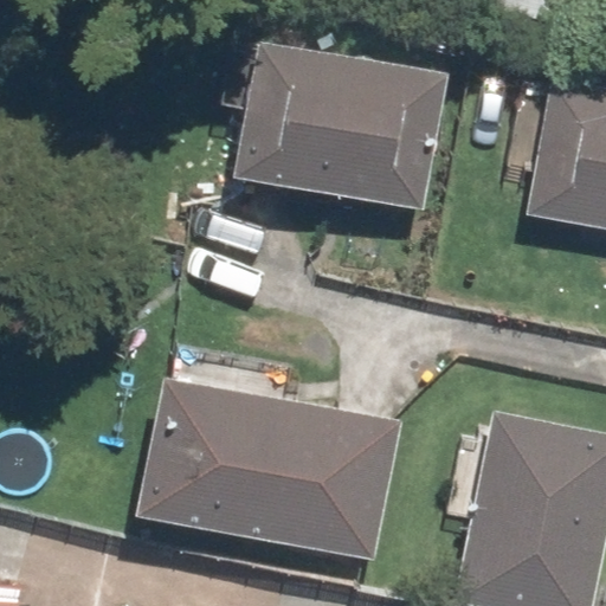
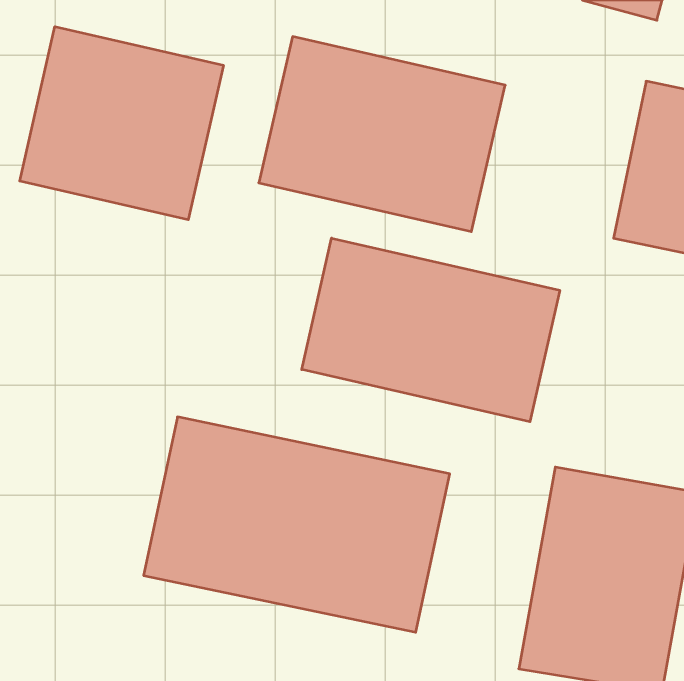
building: none -> [20,27,223,220]
building: none -> [302,238,560,422]

